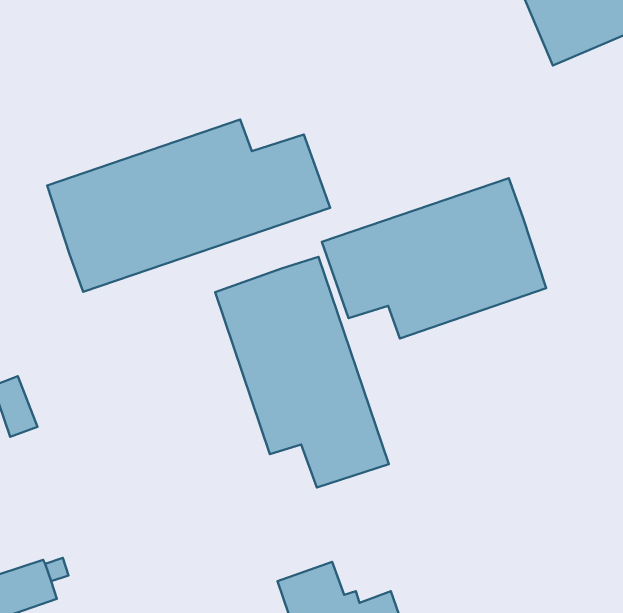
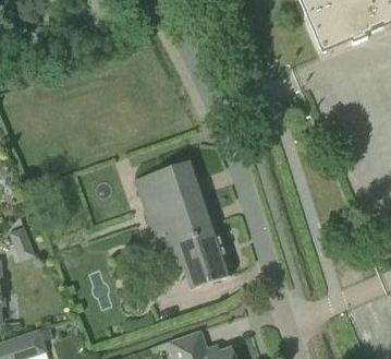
building: [47,119,330,292] -> none
building: [322,178,546,338] -> none

